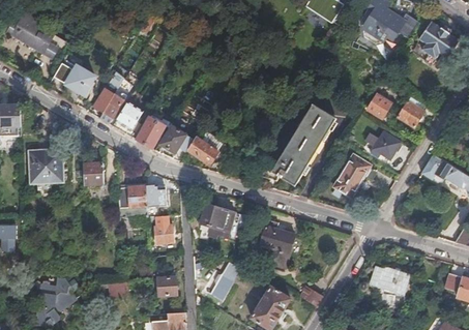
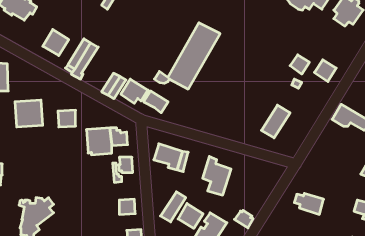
building: [115,100,143,132] -> none
building: [256,106,336,187] -> [154,23,220,89]
building: [368,131,400,158] -> none
building: none -> [178,203,203,228]

